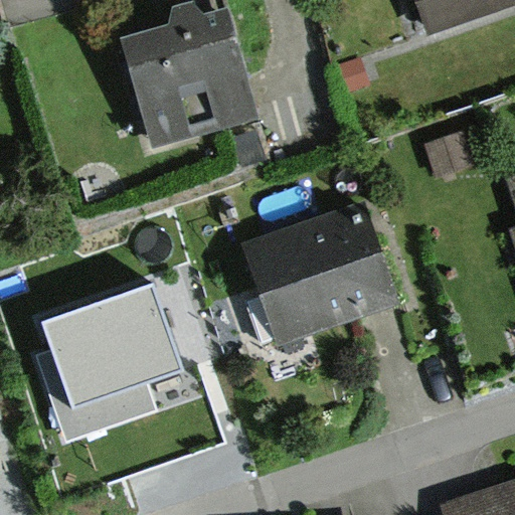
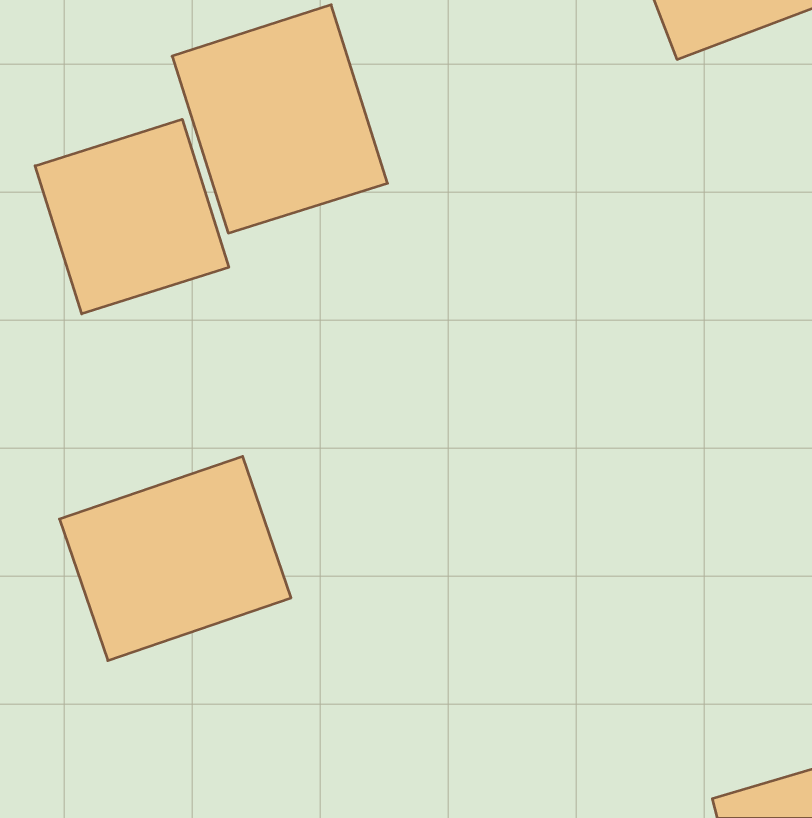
building: none -> [35,119,229,314]
building: [245,210,391,342] -> none

